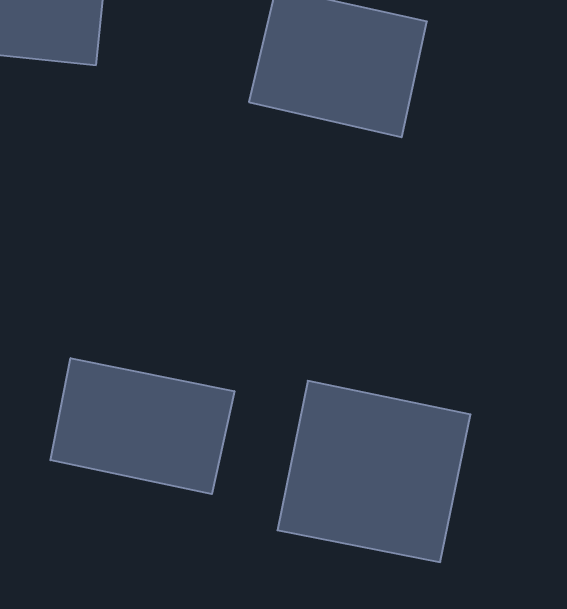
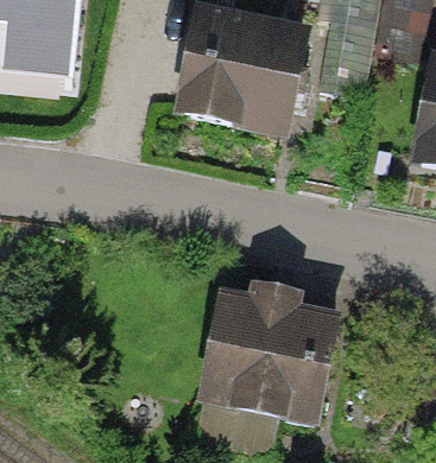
building: [50,358,234,494] -> none

